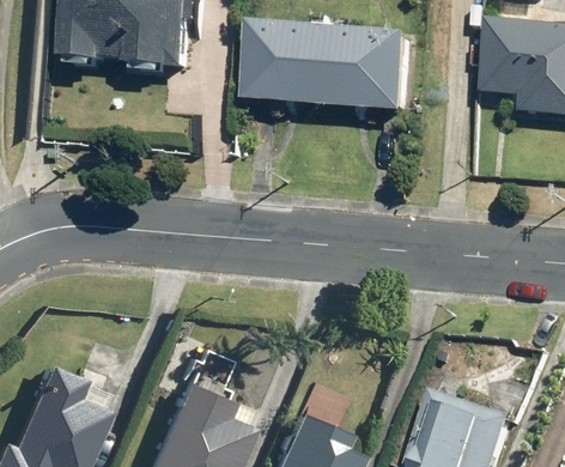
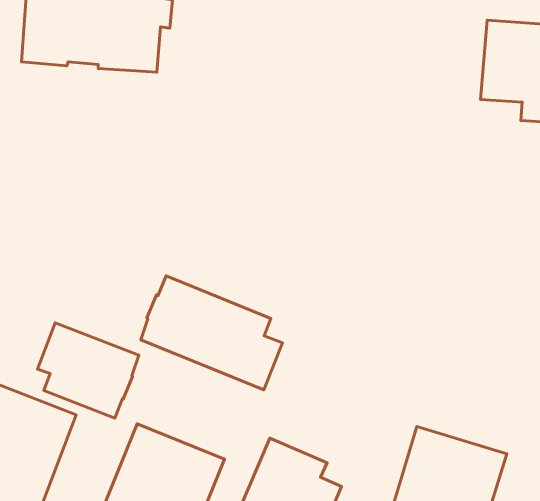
building: [253,26,419,116] -> none
building: none -> [141,276,283,390]
building: none -> [38,323,139,418]

